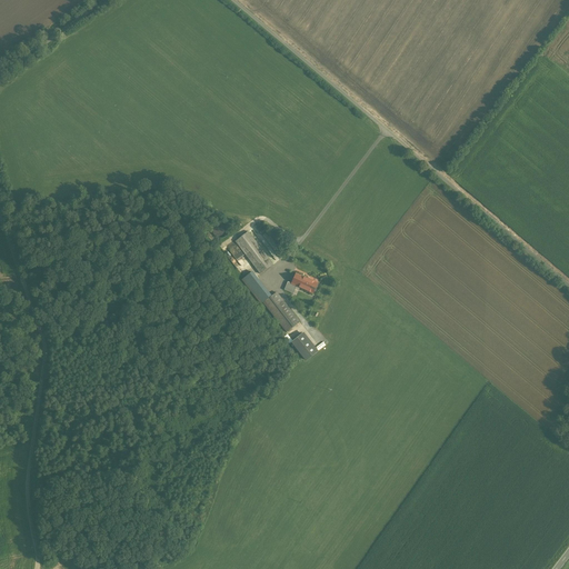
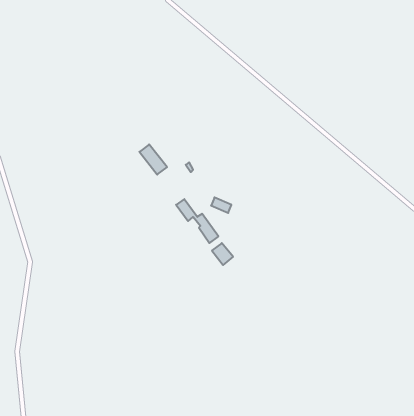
building: [233,230,271,271] -> [139,144,167,175]

